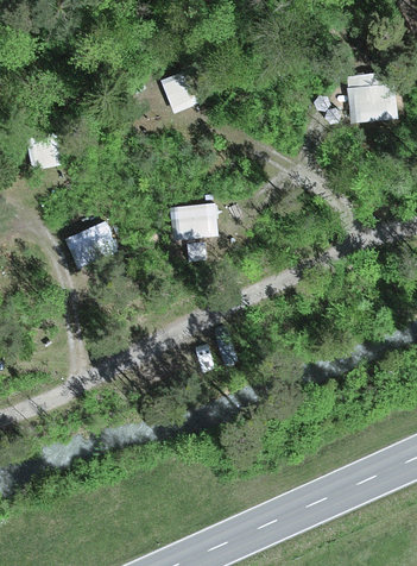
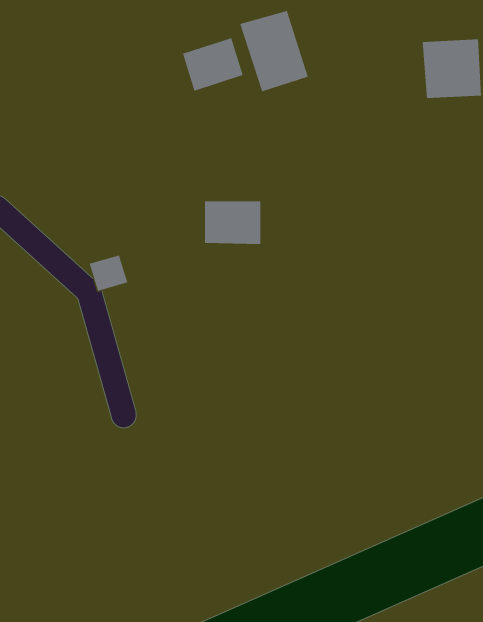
building: none -> [240,10,309,92]

